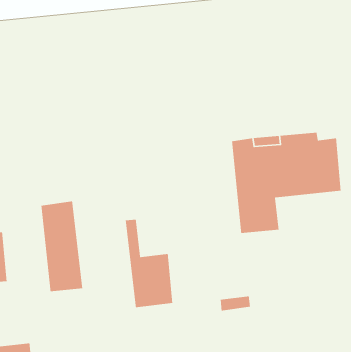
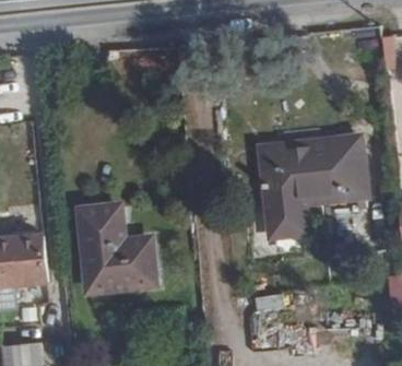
building: [125,219,173,308] -> [109,203,155,288]

